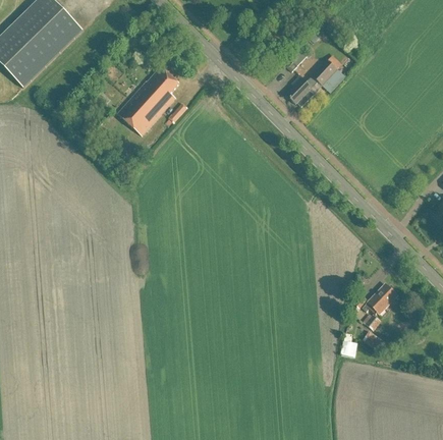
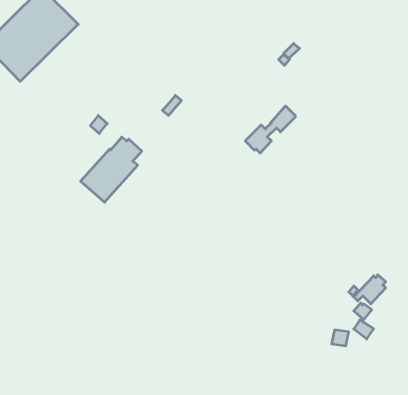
building: [287,58,338,106] -> [245,106,295,153]
building: [118,68,180,134] -> [81,137,142,202]

